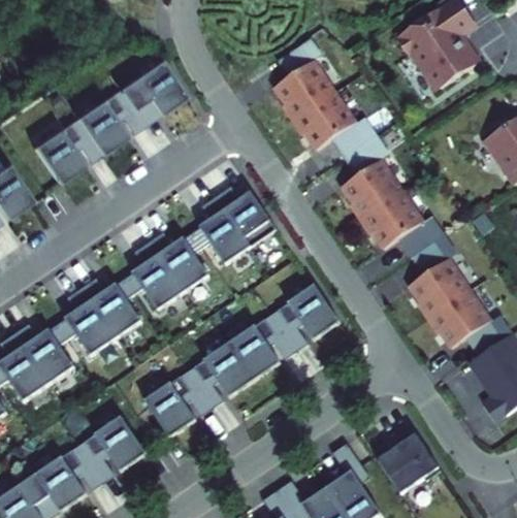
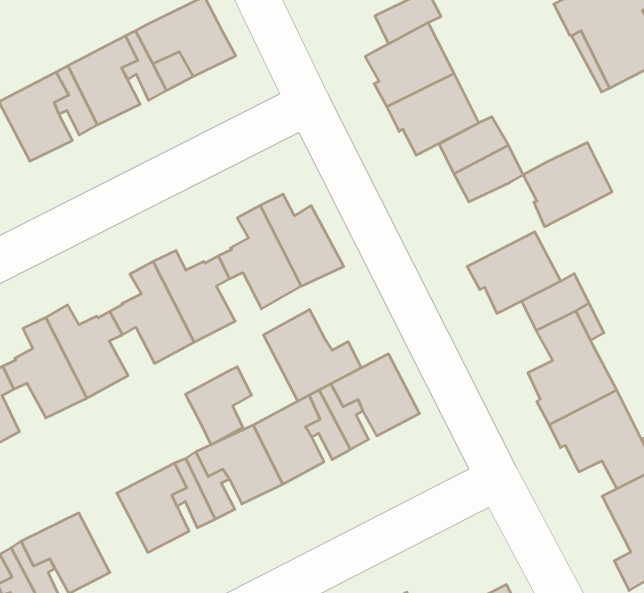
building: [341,159,401,219] -> [523,143,612,227]
building: none -> [263,309,361,401]
building: none -> [186,367,252,445]

